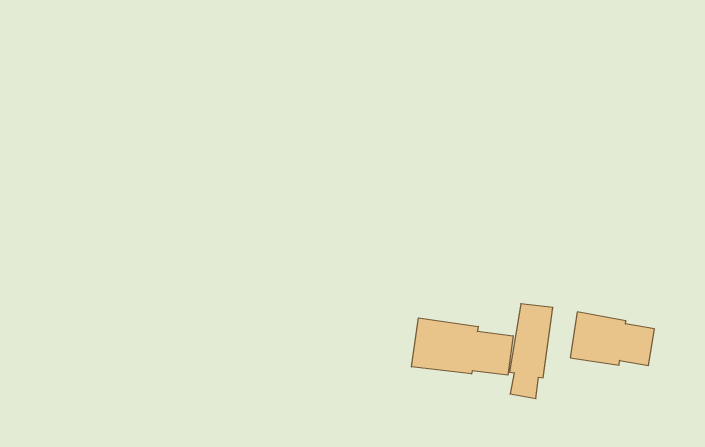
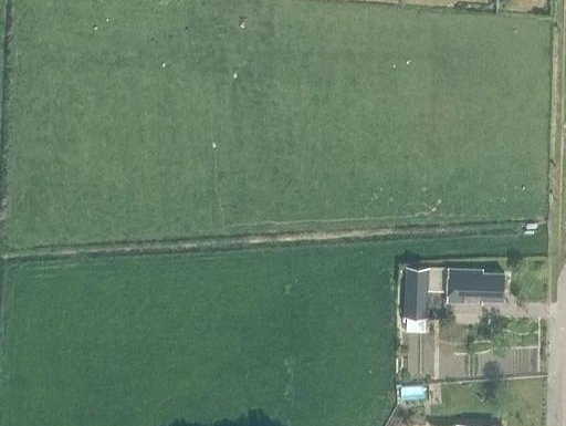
building: [412,318,513,375] -> none

